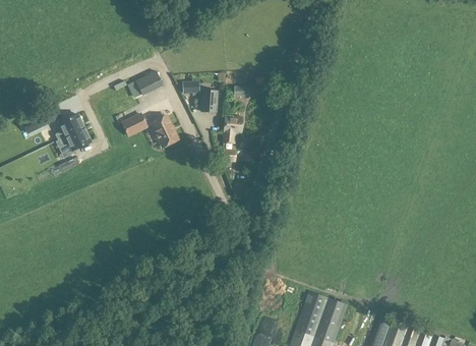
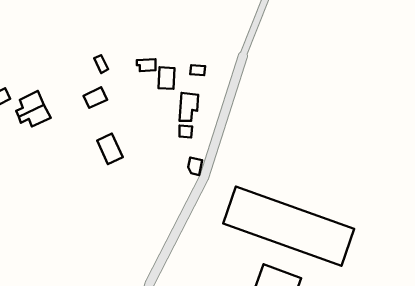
building: [150,114,176,146] -> [97,133,123,164]
building: none -> [223,186,354,266]

